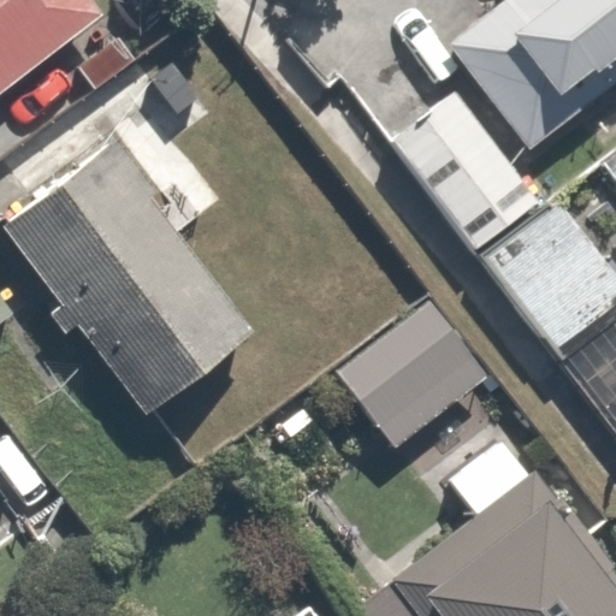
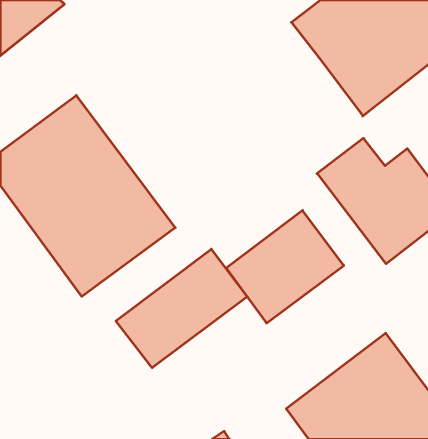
building: [381,81,539,243] -> none
building: none -> [116,249,247,368]

